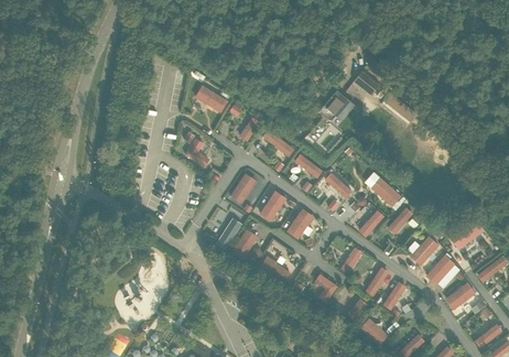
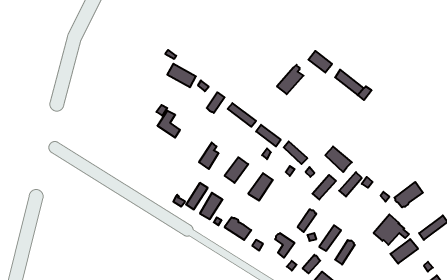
building: [408,236,440,264] -> none

